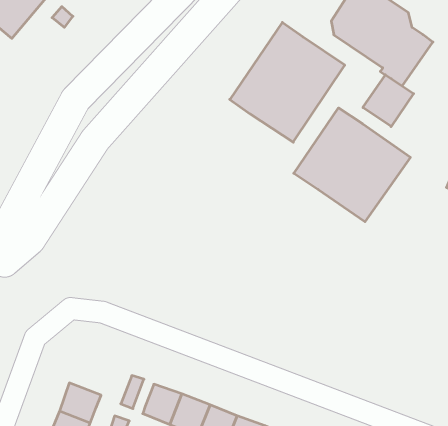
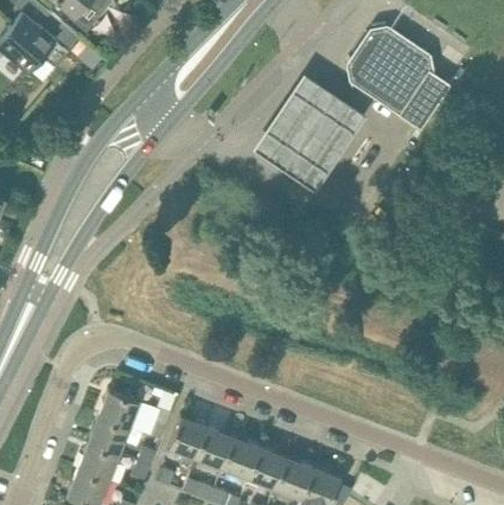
building: [363,75,414,127] -> none
building: [294,108,410,222] -> none
building: none -> [98,390,140,429]

